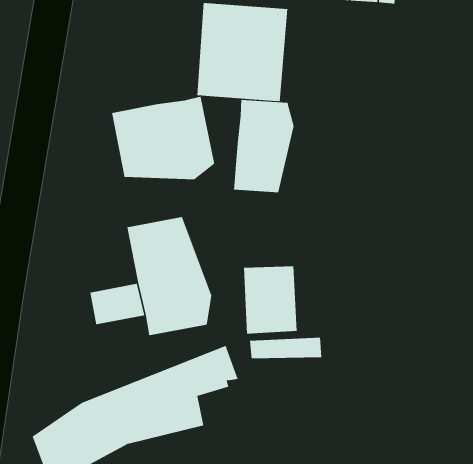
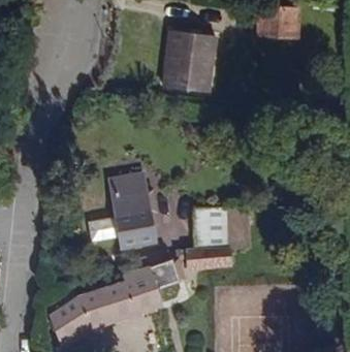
building: [111,96,215,180] -> none
building: [234,99,294,193] -> none

